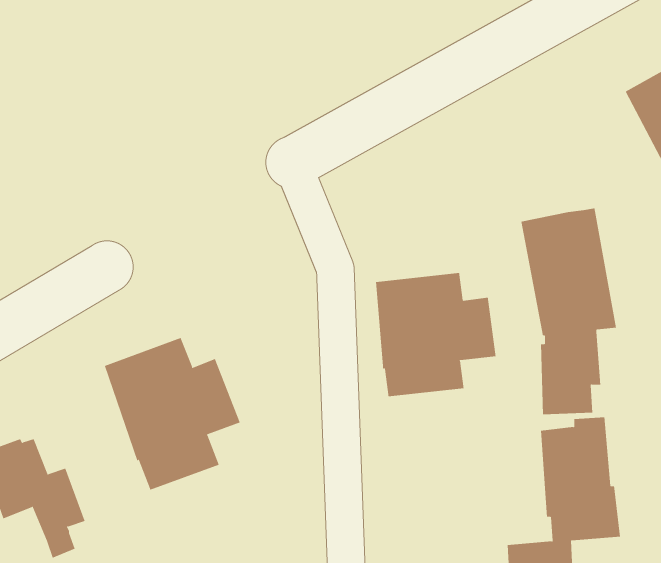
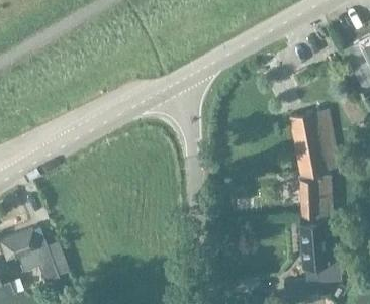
building: [375,272,496,397] -> none
building: [104,337,241,491] -> none

